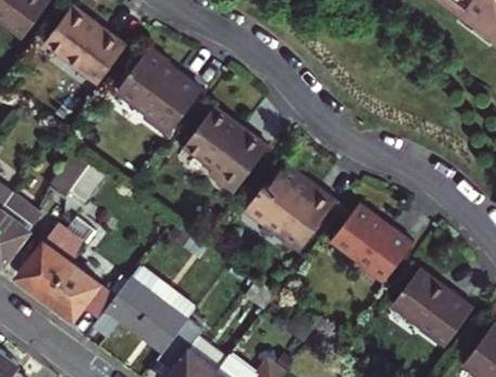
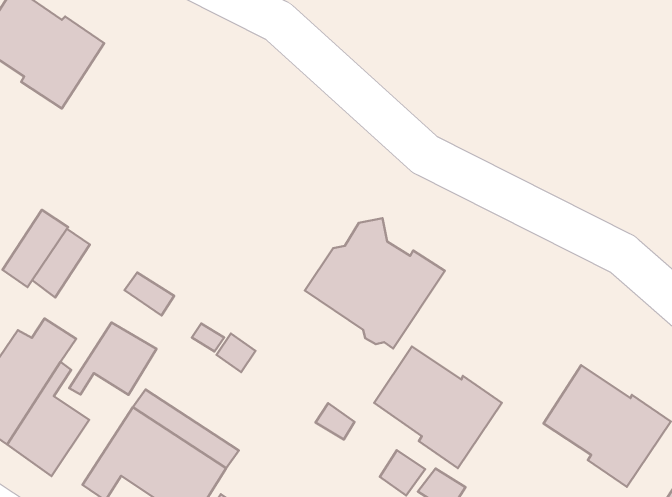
building: [115,47,201,137] -> none
building: [184,106,268,192] -> none
building: [332,204,413,284] -> [374,346,502,468]
building: none -> [69,322,157,395]

